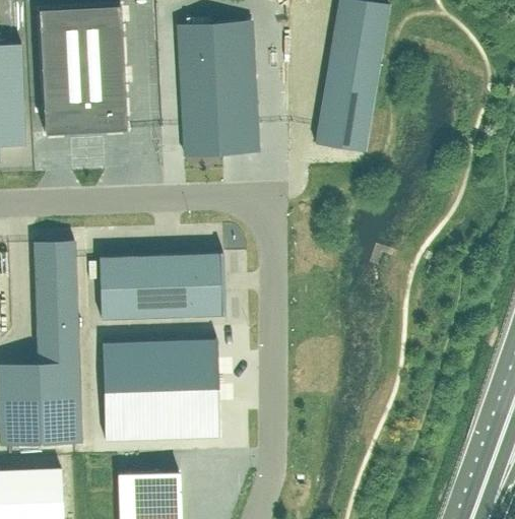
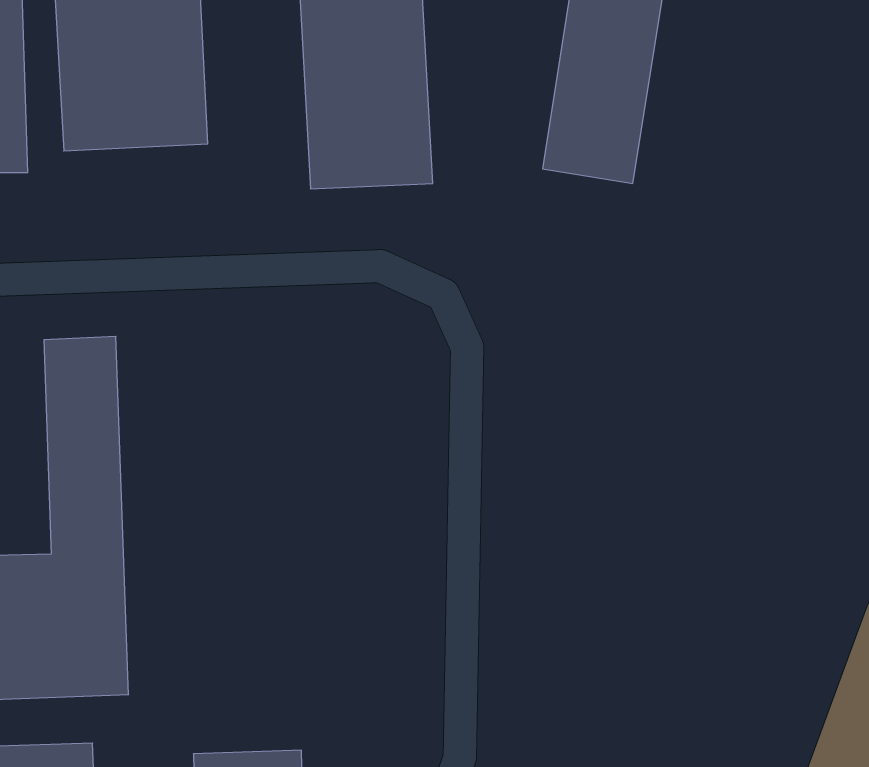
building: [100,255,223,320] -> none
building: [103,340,219,442] -> none

